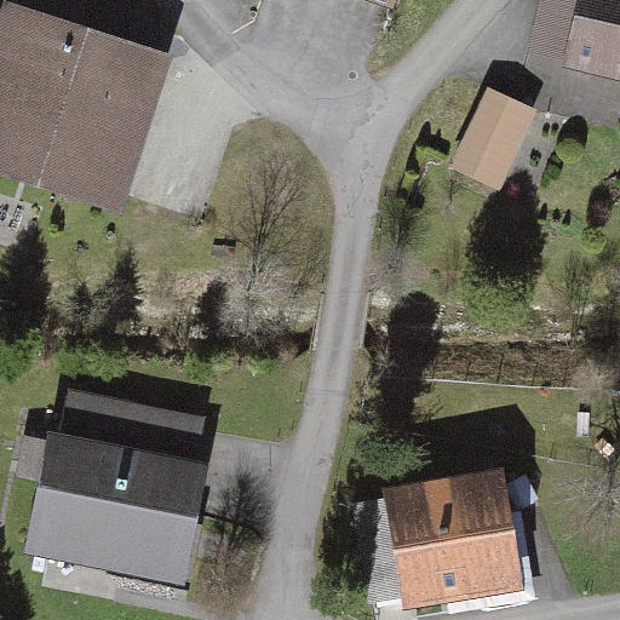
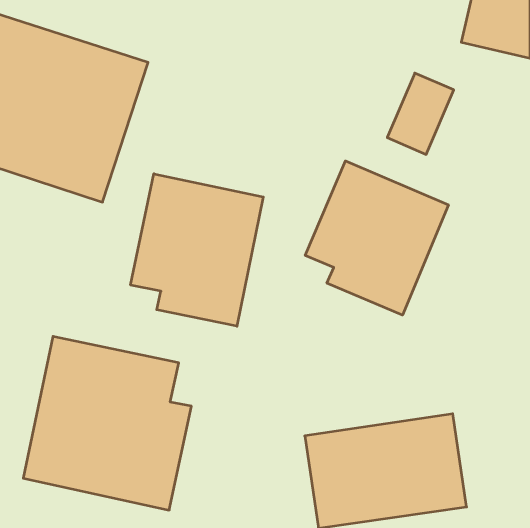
building: none -> [305,161,448,315]
building: none -> [131,174,263,326]

